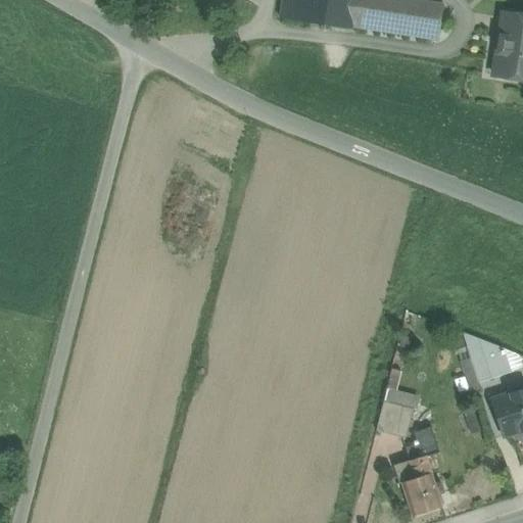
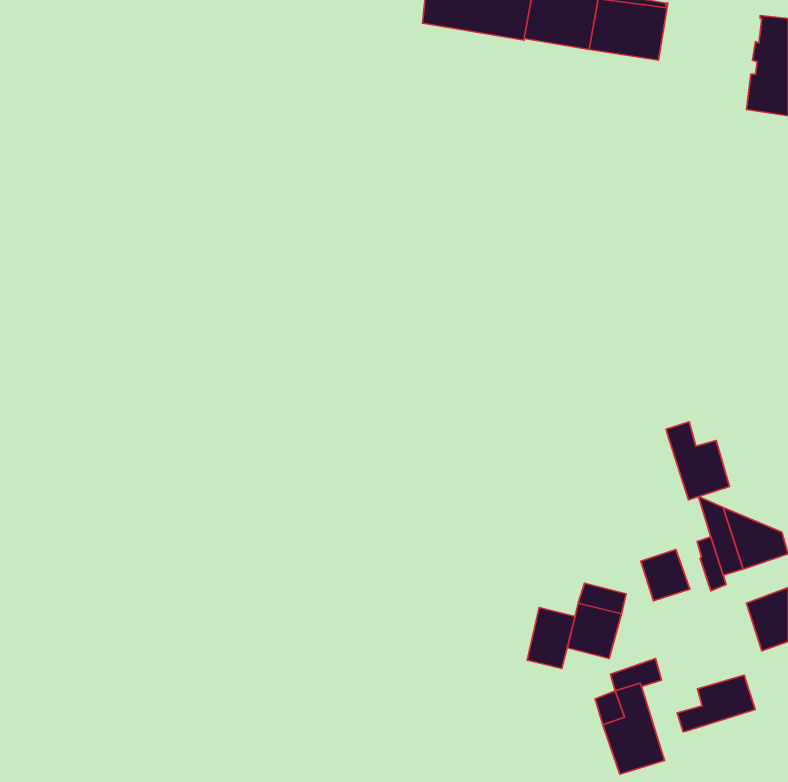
building: none -> [666,422,730,500]
building: none -> [641,549,690,601]
building: none -> [527,607,575,668]
building: none -> [677,675,755,732]

